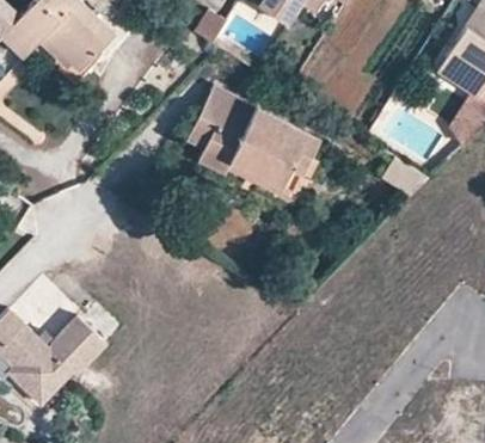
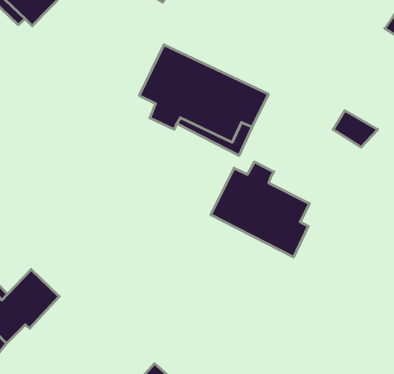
building: none -> [211,162,309,257]

